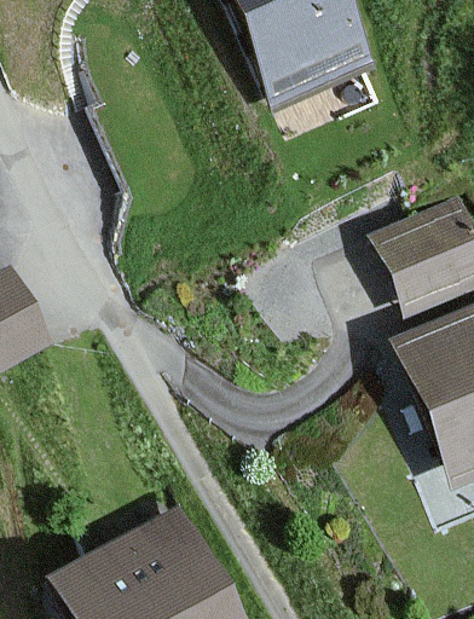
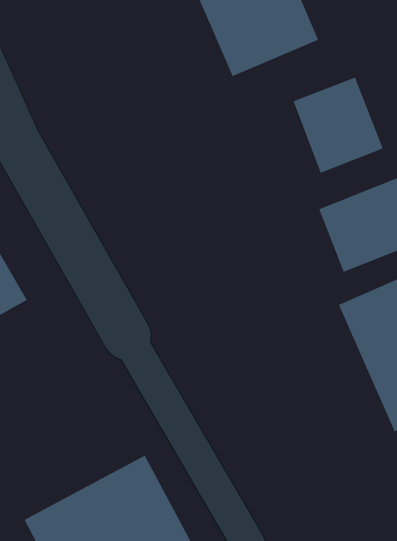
building: none -> [292,77,384,174]

